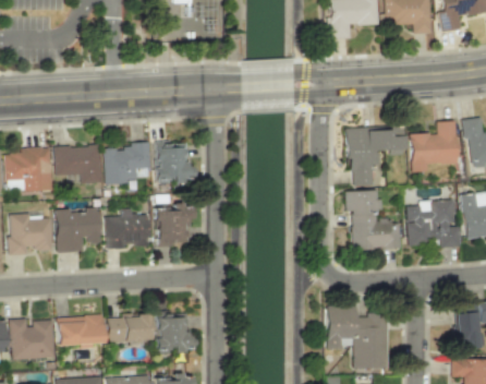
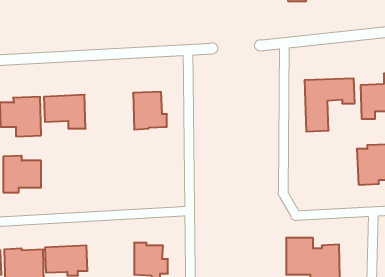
building: [105,143,151,185] -> none
building: [347,190,402,251] -> none
building: [156,203,192,248] -> none
building: [56,207,101,253] -> none
building: [106,209,150,249] -> none
building: [108,316,151,343] -> none

